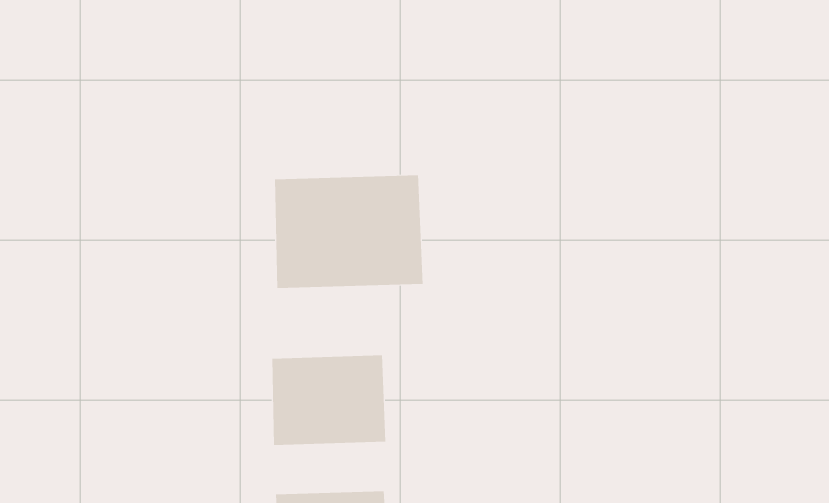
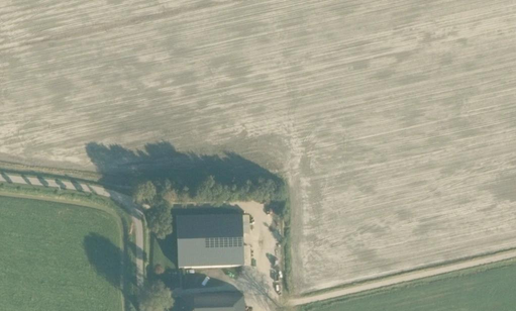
building: [274,174,423,289] -> none

